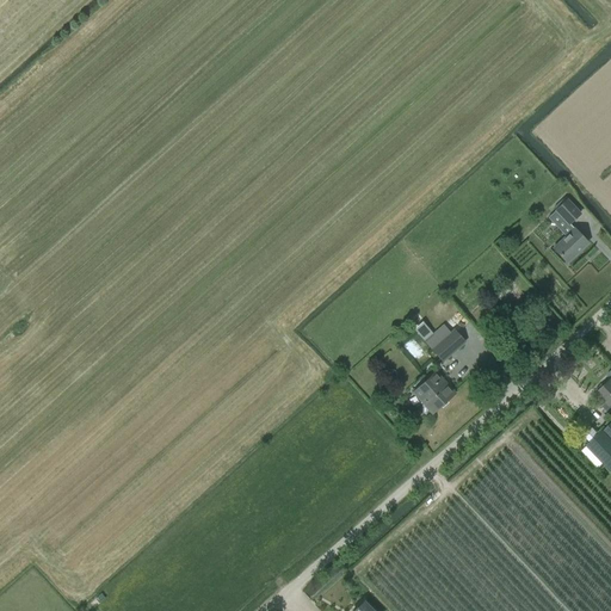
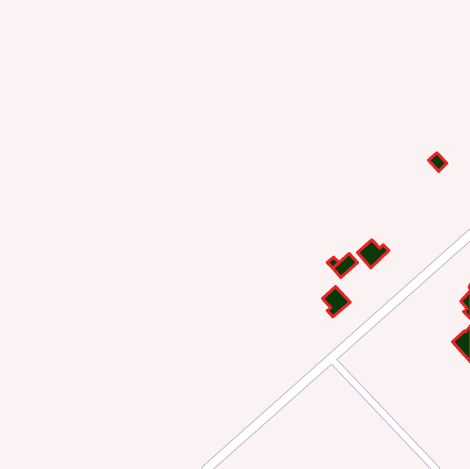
building: [554,227,587,260] -> none
building: none -> [358,240,389,268]

